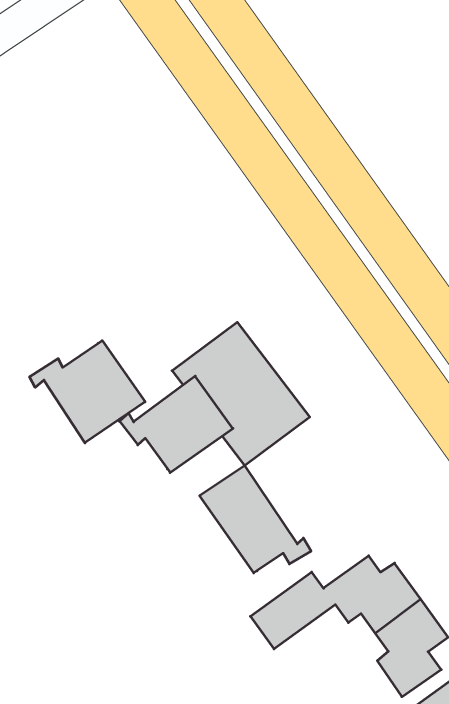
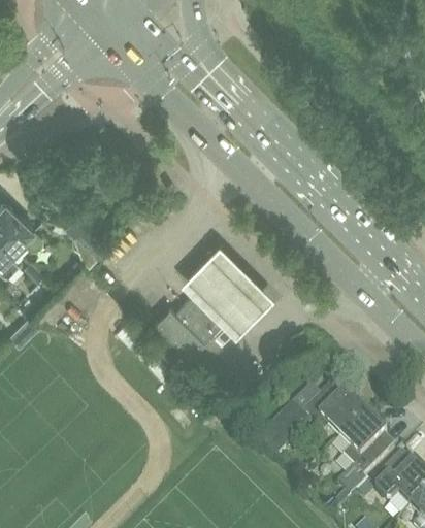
building: [30,341,145,443] -> none
building: [200,465,311,573] -> none

